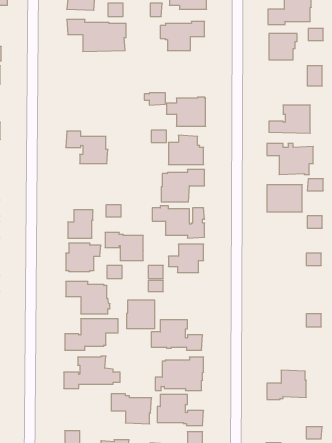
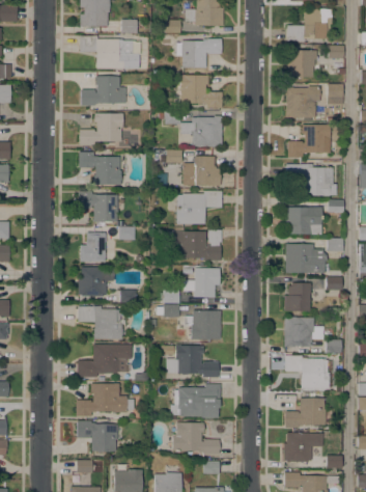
building: none -> [180,75,222,108]
building: none -> [81,76,125,106]
building: none -> [285,86,319,121]
building: none -> [79,113,122,144]
building: none -> [285,244,327,273]
building: [105,232,143,261] -> [78,192,117,221]
building: none -> [285,282,311,311]
building: none -> [284,317,323,347]
building: [127,300,155,329] -> [191,310,220,339]
building: none -> [284,356,332,388]
building: [111,394,152,424] -> [77,420,118,452]
building: none -> [283,433,322,462]

